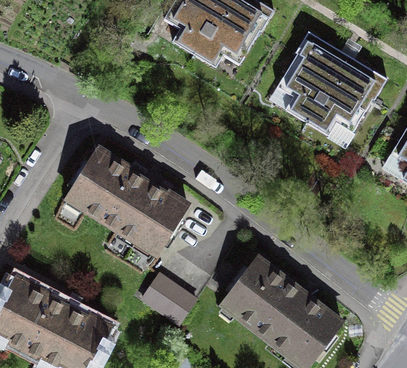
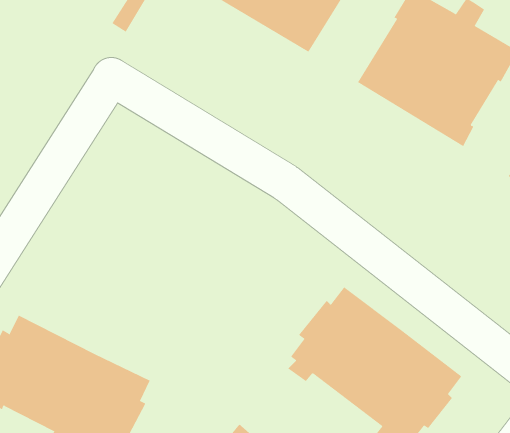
building: [62,142,192,264] -> none
building: [140,271,198,325] -> none

